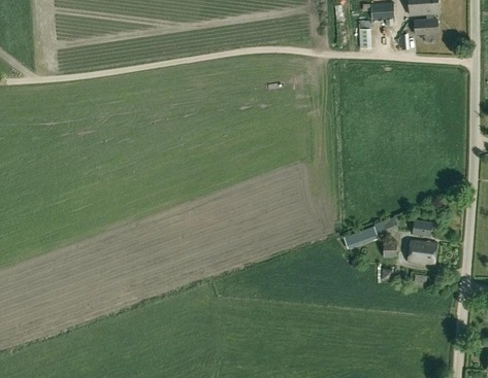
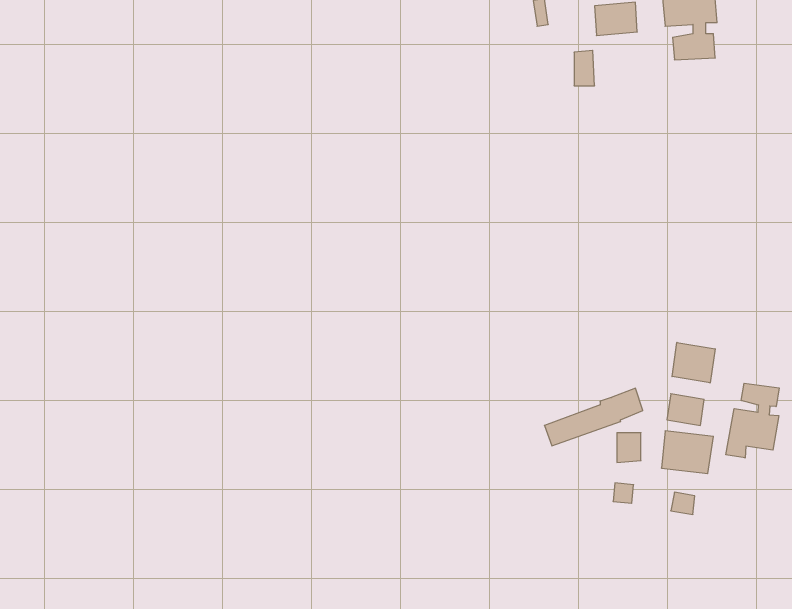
building: none -> [672,342,715,383]
building: none -> [726,383,779,458]

